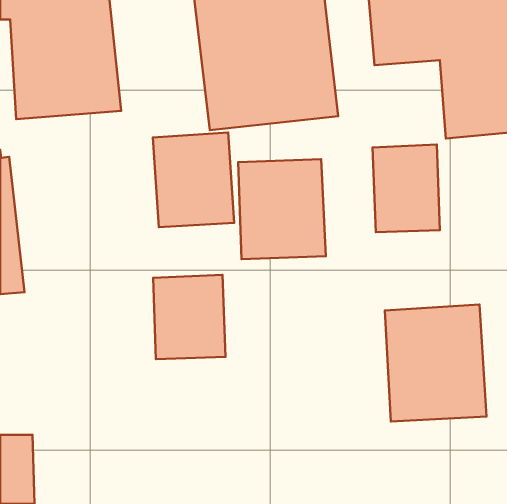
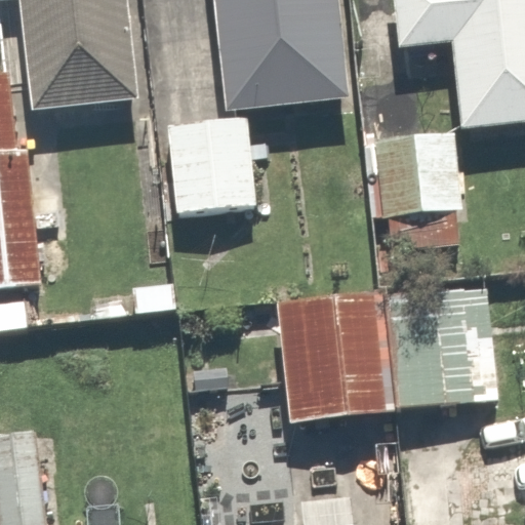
building: [238,159,326,259] -> none
building: [153,275,225,359] -> none
building: none -> [282,312,391,438]

